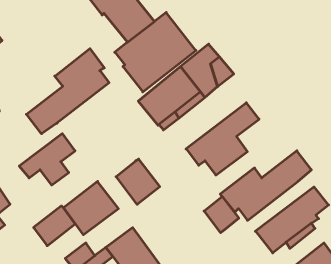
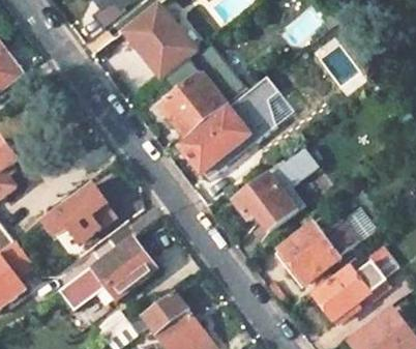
building: [26,49,109,134] -> none
building: [116,159,160,204] -> none
building: [204,197,239,233] -> none

